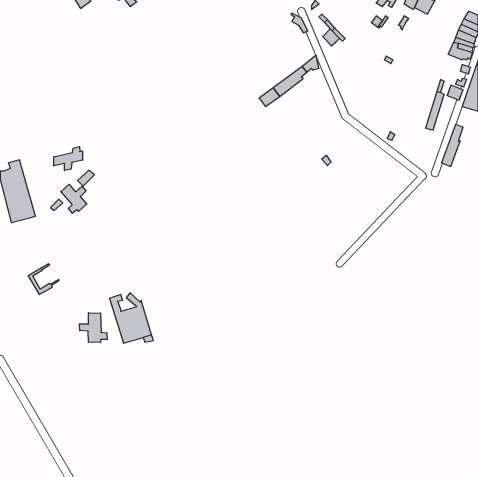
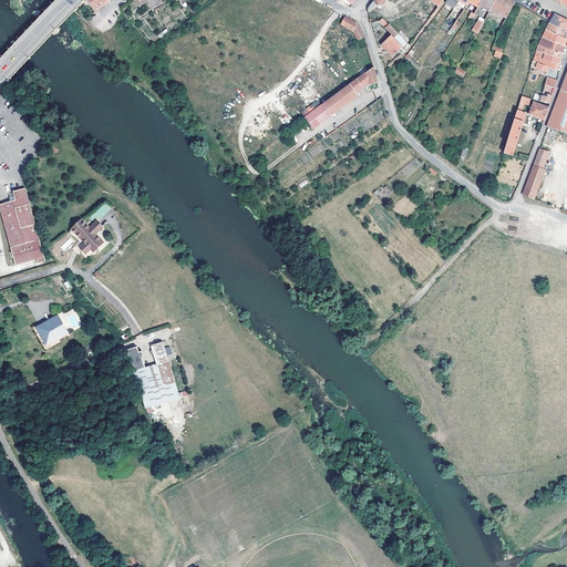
building: [54,147,83,171] -> none
building: none -> [39,313,70,342]
building: [79,313,107,343] -> none

